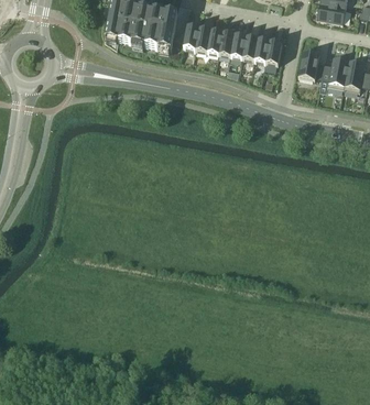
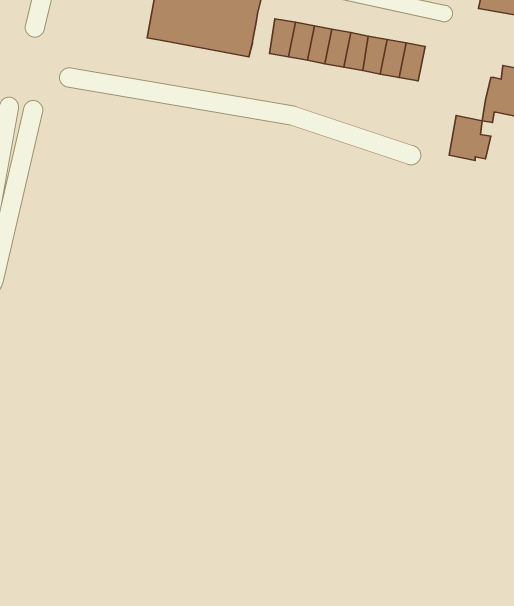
building: [298,47,325,76] -> [449,116,491,160]

